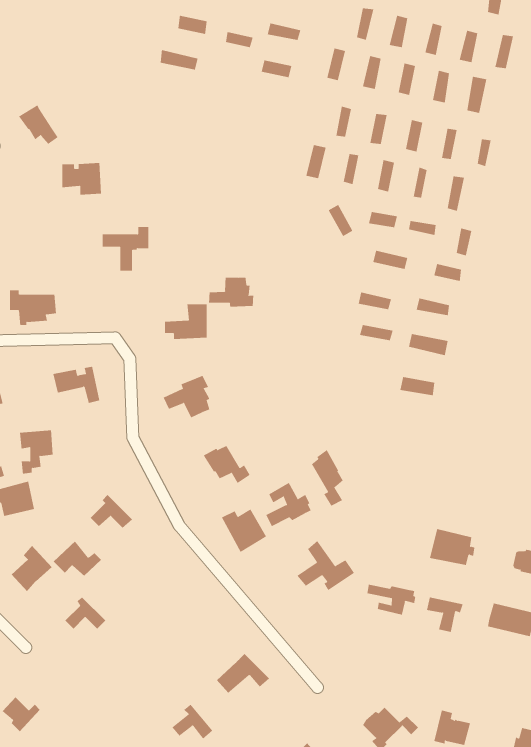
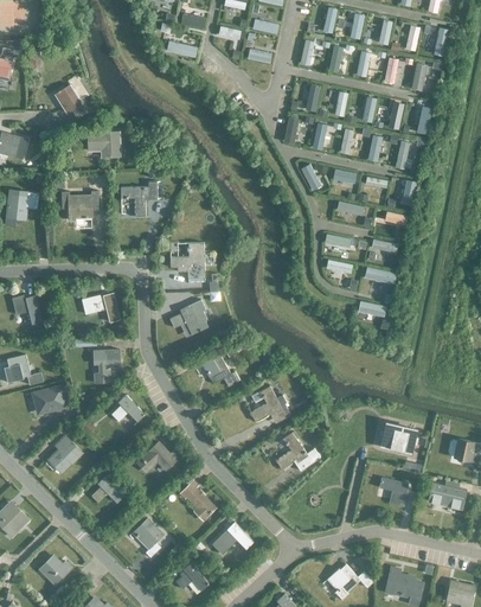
building: [209,277,254,308] -> none
building: [9,290,57,325] -> [60,192,98,221]
building: [19,430,53,474] -> [91,347,118,383]
building: [311,449,344,507] -> none
building: [221,509,267,553] -> none
building: [53,541,102,576] -> [140,441,179,469]
building: [367,584,416,616] -> none
building: none -> [179,480,214,519]
building: none -> [132,517,162,557]

